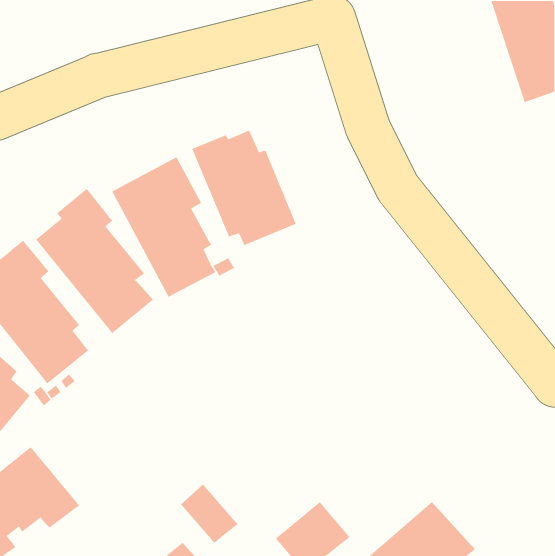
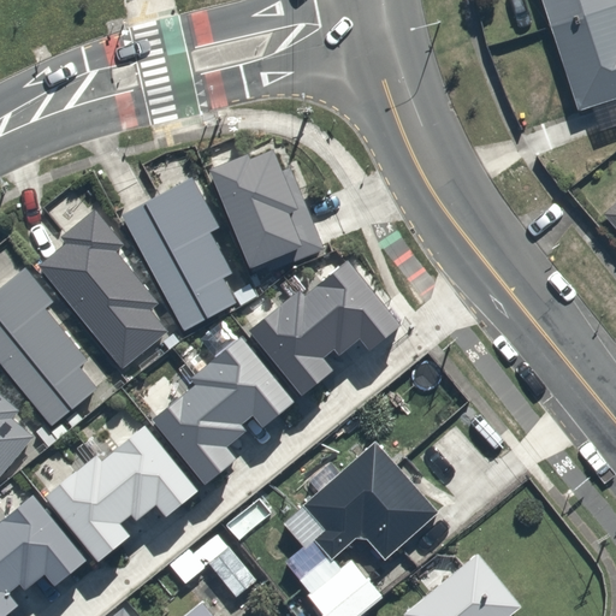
building: none -> [249,260,401,395]
building: none -> [153,336,294,484]
building: none -> [46,425,199,561]
building: none -> [292,444,432,558]

